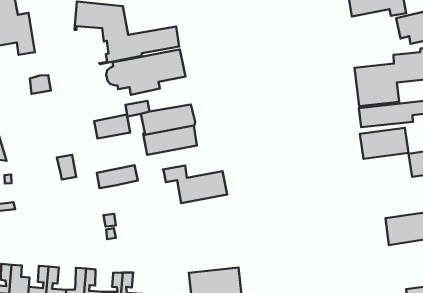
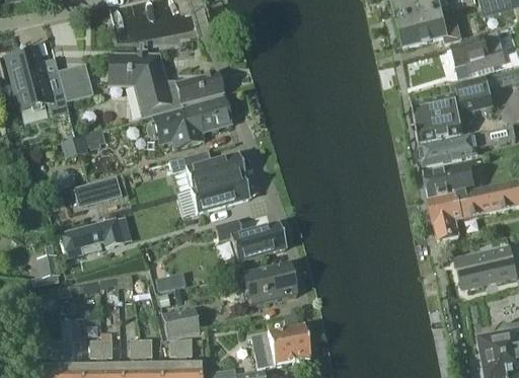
building: none -> [58,65,91,100]
building: [94,114,130,139] -> [76,176,116,205]
building: none -> [429,188,483,239]
building: [97,165,138,188] -> [61,222,105,249]
building: none -> [242,261,298,305]
building: none -> [162,305,200,336]

